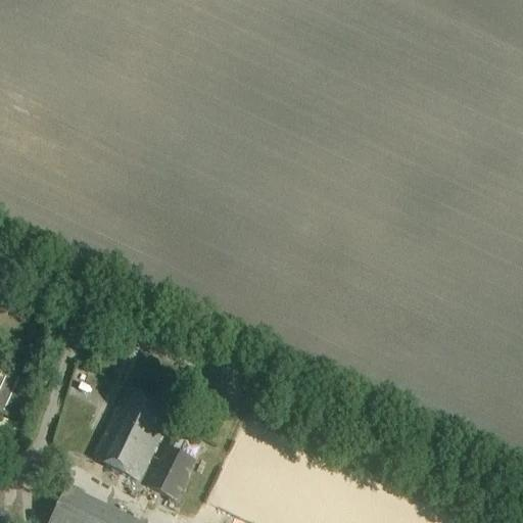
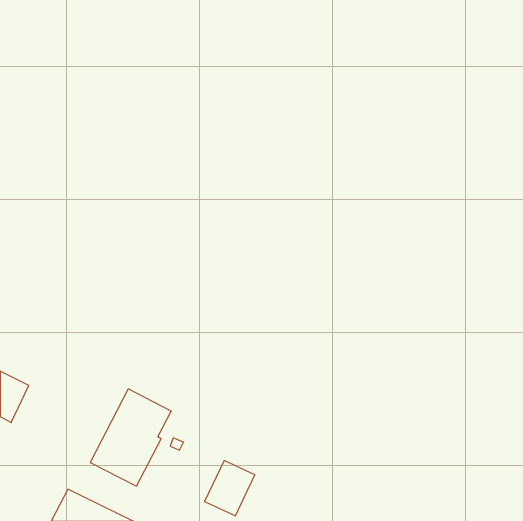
building: [146,445,196,501] -> [205,461,255,516]

